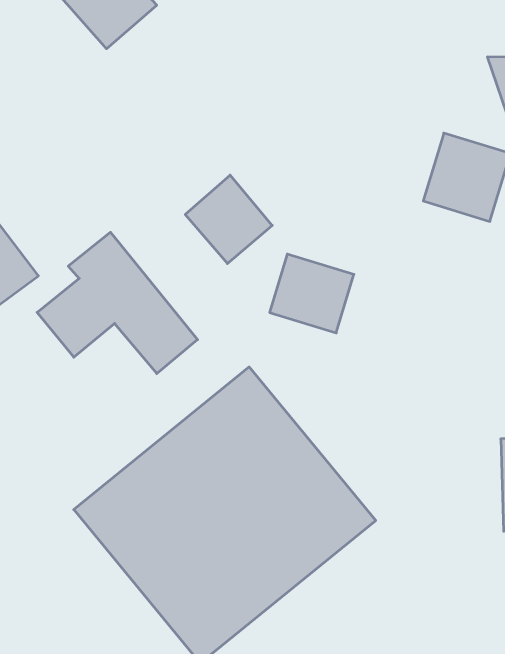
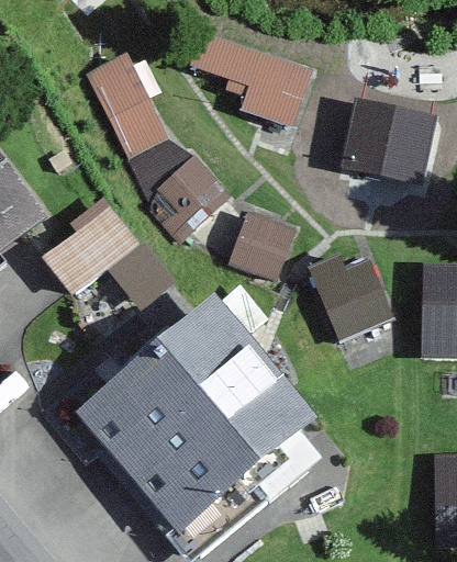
building: none -> [190,24,314,115]
building: none -> [86,45,175,158]
building: none -> [301,255,401,353]

